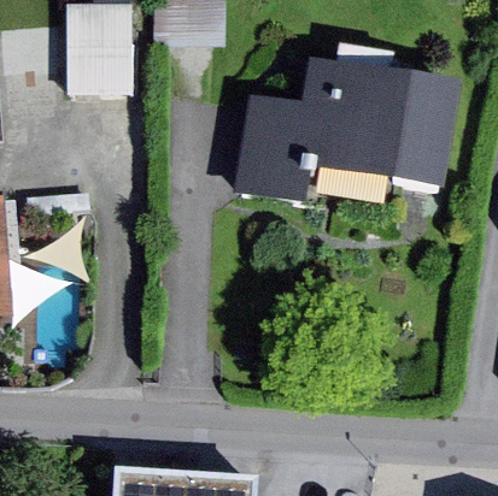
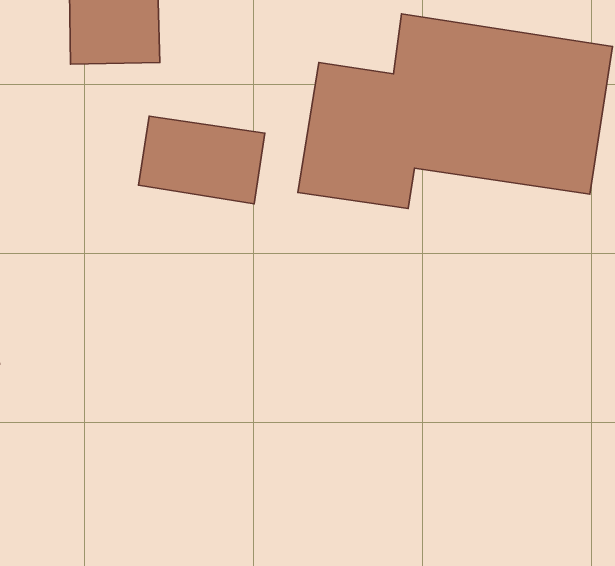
building: none -> [139,116,265,204]

